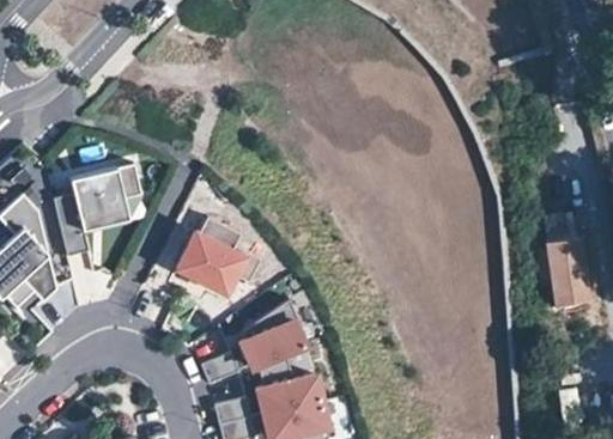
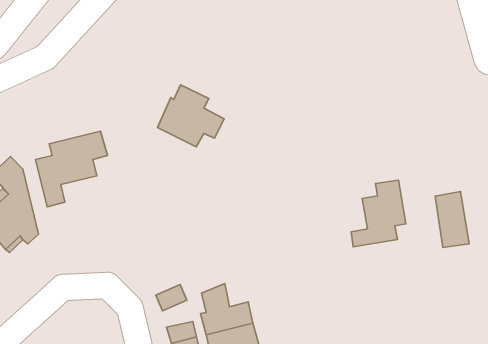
building: [176,215,259,292] -> [157,85,224,147]
building: none -> [351,180,406,247]
building: [238,298,304,367] -> none

